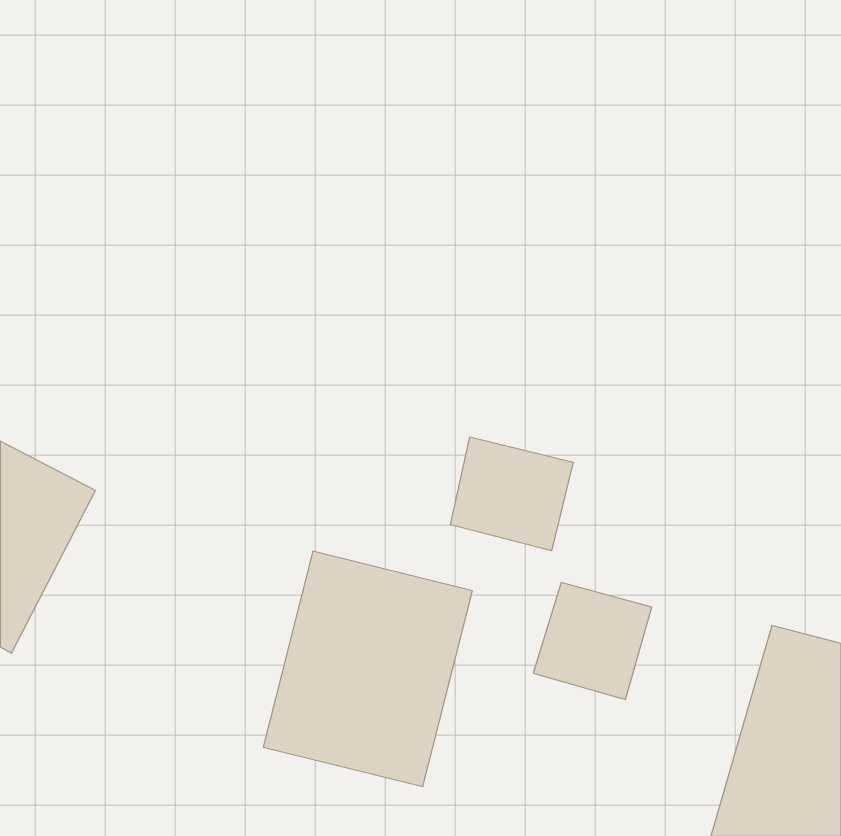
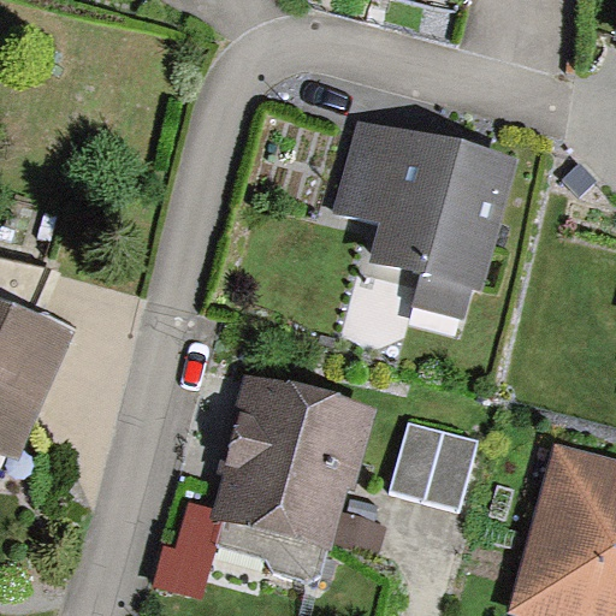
building: none -> [334,116,515,316]
building: [450,437,573,551] -> none

